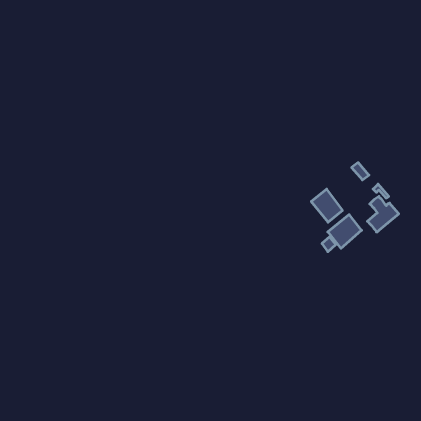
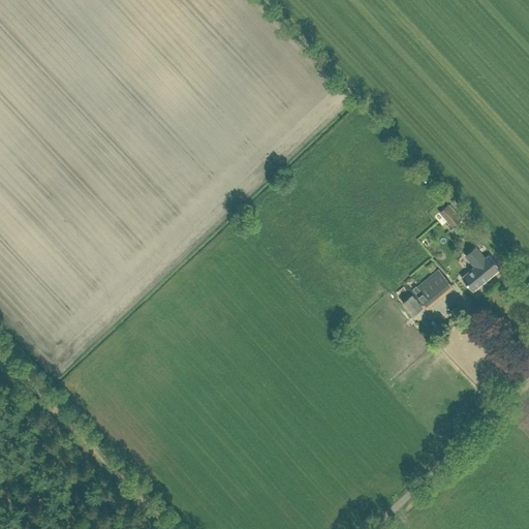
building: [311,189,342,222] -> none

